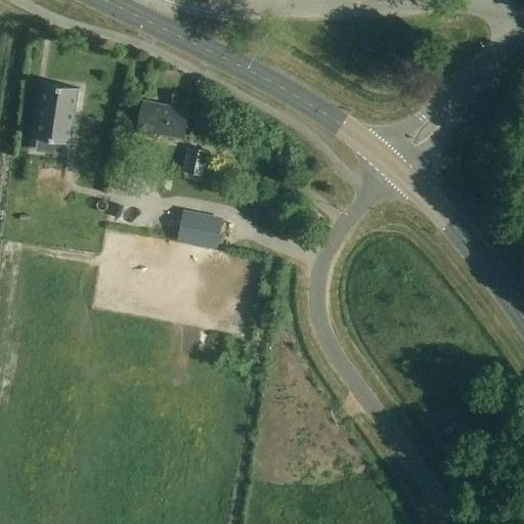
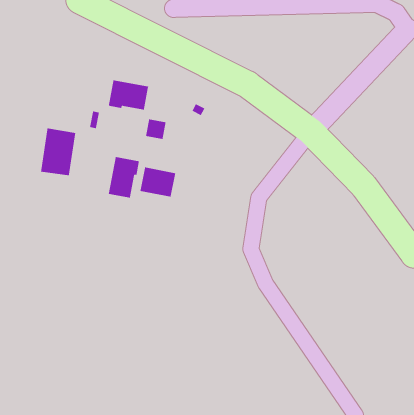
building: [34,83,79,144] -> [40,128,76,176]
building: none -> [108,156,140,198]

